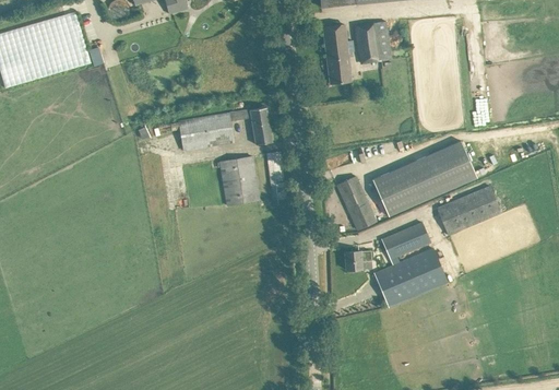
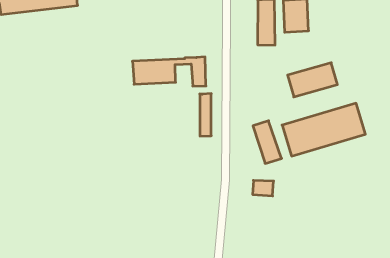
building: [219,156,259,204] -> none
building: [437,186,500,234] -> [288,63,337,97]
building: [376,222,430,262] -> none
building: [373,248,448,307] -> none

